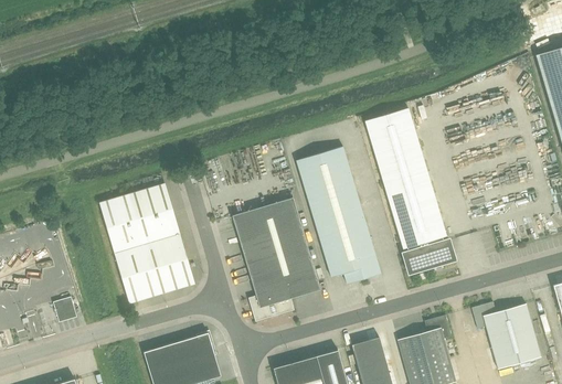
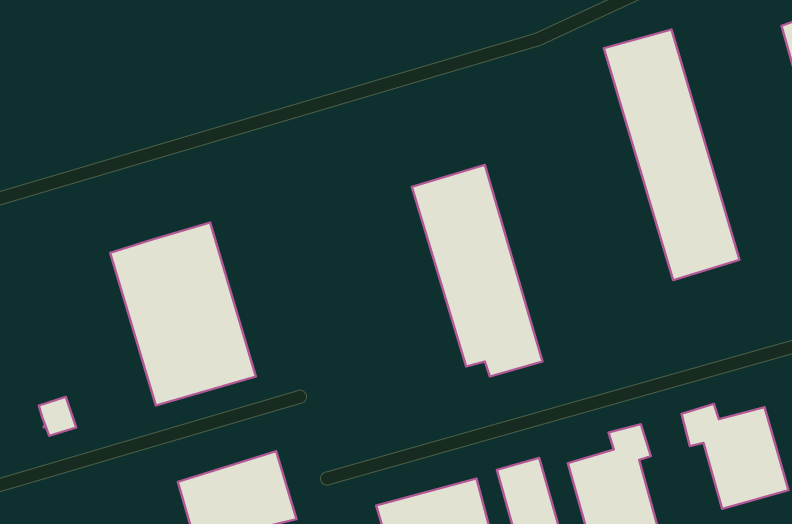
building: [364,108,453,271] -> [604,29,739,280]
building: [232,198,320,321] -> none

